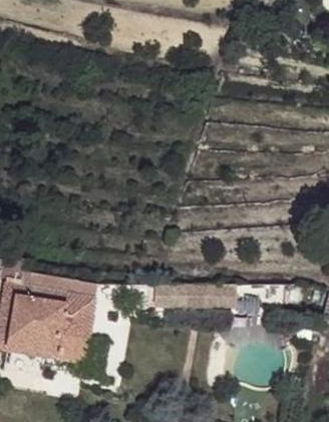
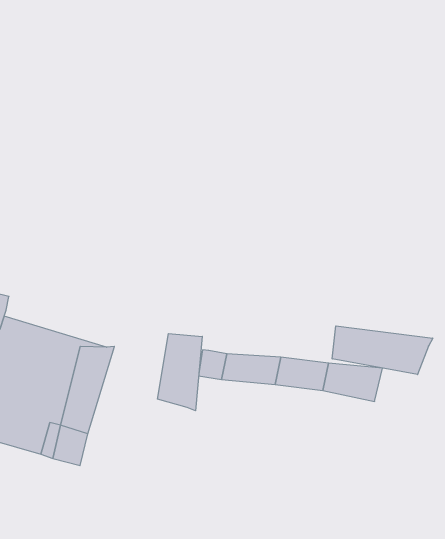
building: none -> [332,326,433,375]
building: none -> [158,334,202,411]

